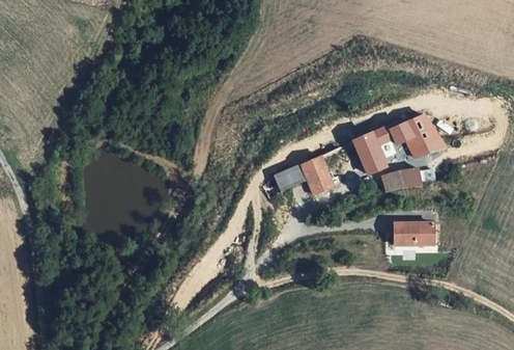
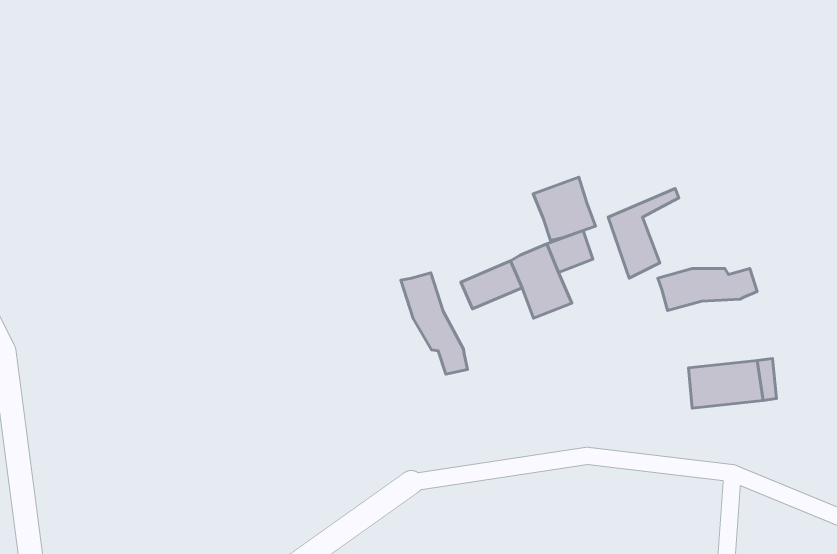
building: [392,116,446,157] -> none
building: none -> [533,177,596,241]
building: none -> [401,273,467,374]

